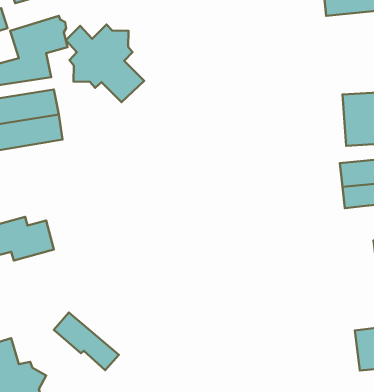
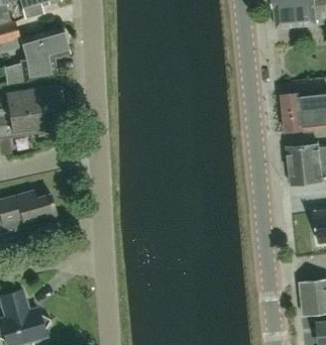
building: [66,24,144,102] -> none
building: [54,313,119,370] -> none

